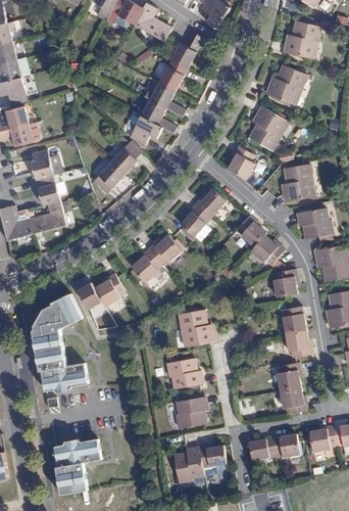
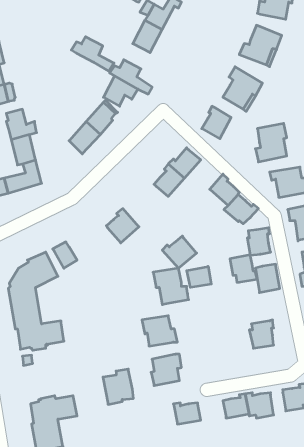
building: [143,83,186,118] -> [71,37,114,71]
building: [147,235,182,268] -> [162,236,197,268]
building: [93,274,124,307] -> none
building: none -> [187,266,211,287]
building: [285,330,312,358] -> [230,255,257,282]
building: [279,387,306,415] -> none
building: [172,447,203,482] -> [103,369,133,404]

